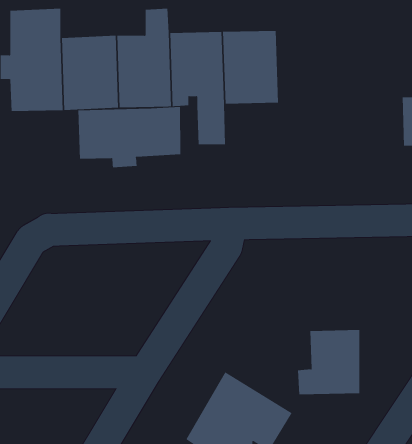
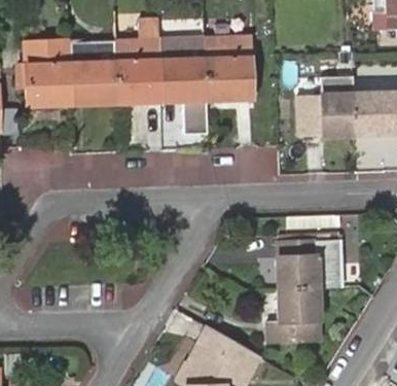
building: none -> [306,78,356,135]
building: [78,106,181,168] -> none
building: none -> [277,243,340,289]

